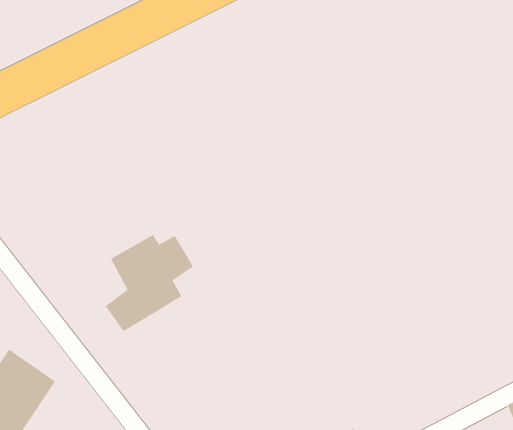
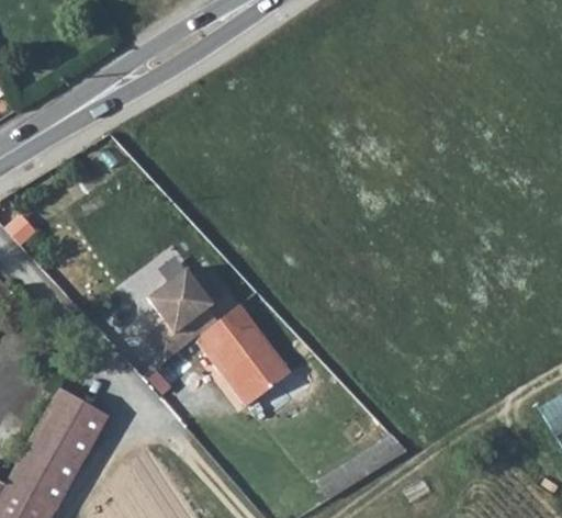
building: none -> [194,307,292,405]

